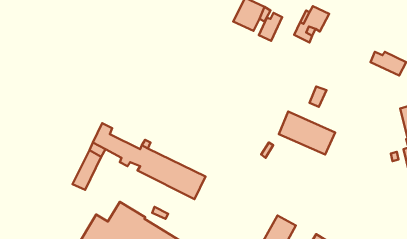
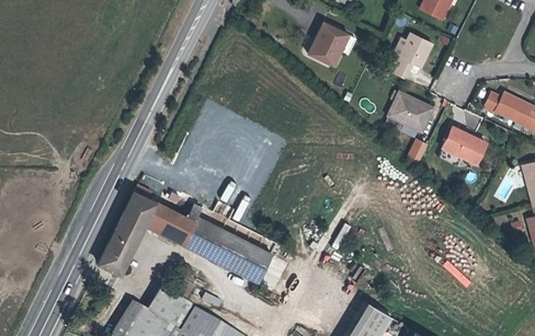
building: [259,13,282,41] -> none
building: none -> [389,91,433,129]
building: none -> [443,126,487,163]
building: [279,111,335,154] -> none

